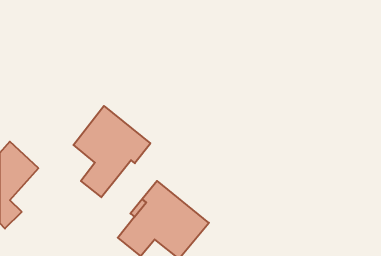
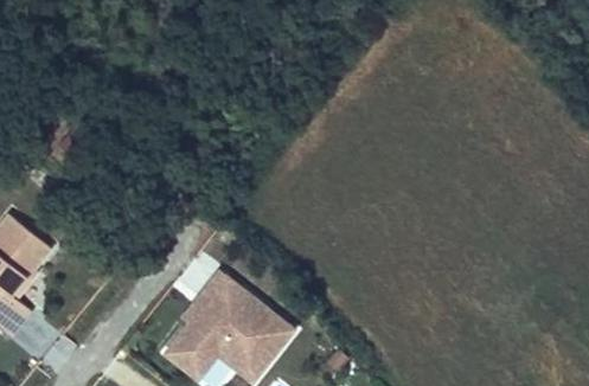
building: [73,106,150,197] -> none

